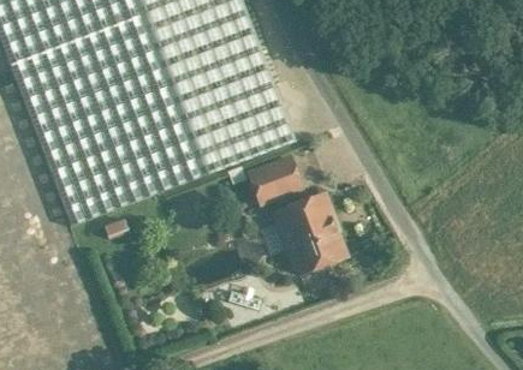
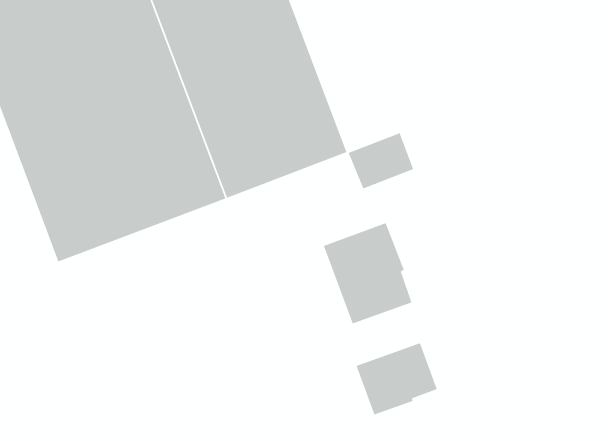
building: [250,157,302,202] -> [347,132,414,190]
building: none -> [356,342,438,415]

